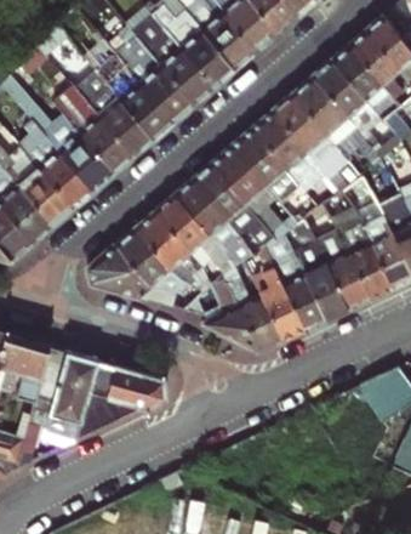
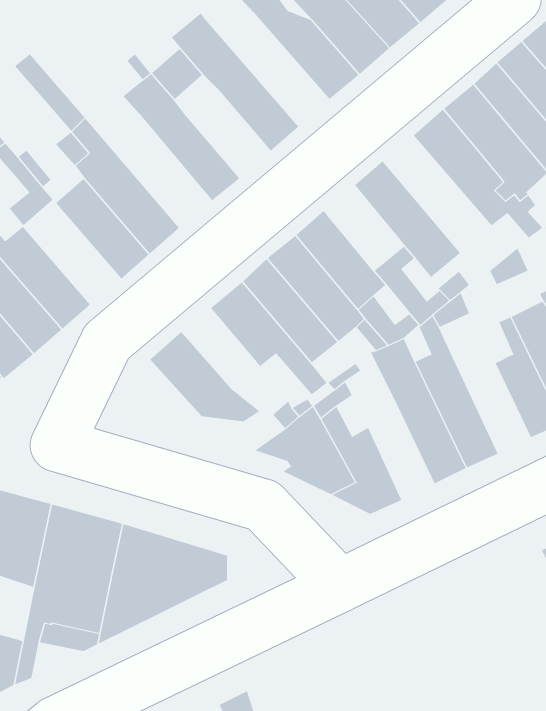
building: [145,6,233,87] -> none
building: [136,62,193,123] -> none
building: [81,79,153,157] -> none
building: [269,93,346,177] -> none
building: [229,127,284,186] -> none
building: [24,137,91,209] -> none
building: [132,211,199,275] -> none
building: [314,232,370,311] -> none
building: [87,246,175,306] -> none
building: [255,273,304,342] -> none

